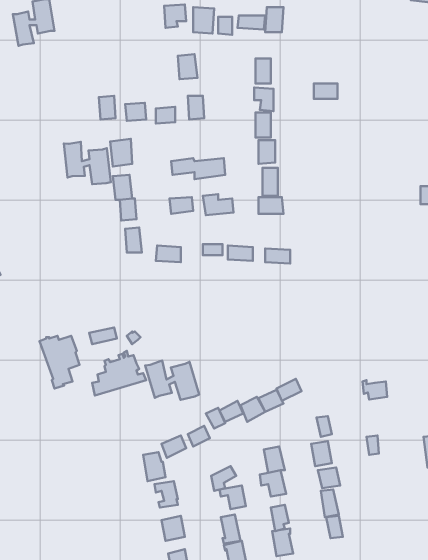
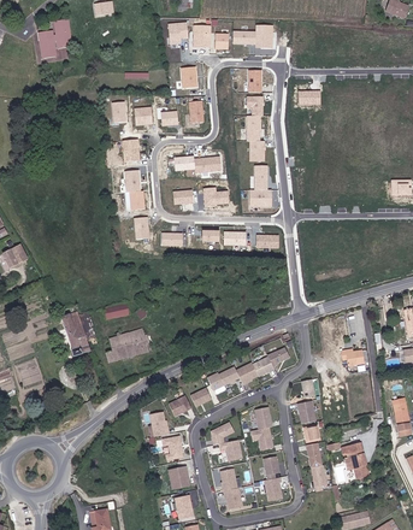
building: [64,142,111,184] -> none
building: [145,361,199,400] -> none
building: none -> [342,444,366,483]

